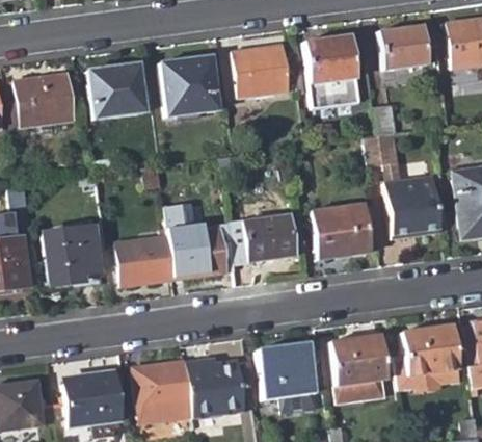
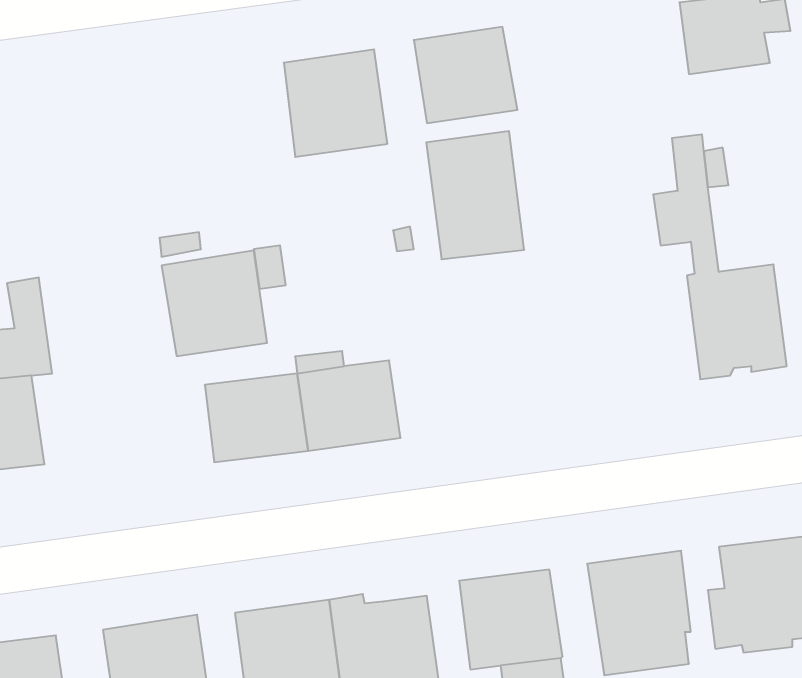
building: [305,35,359,106] -> [426,131,524,259]
building: [89,63,146,118] -> none
building: [18,73,74,125] -> none
building: [313,205,371,259] -> none
building: [243,214,294,261] -> none
building: [44,225,102,283] -> [162,251,267,356]

